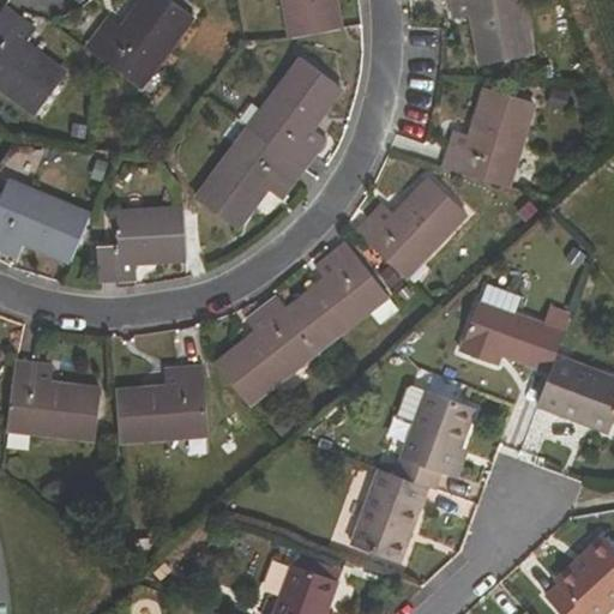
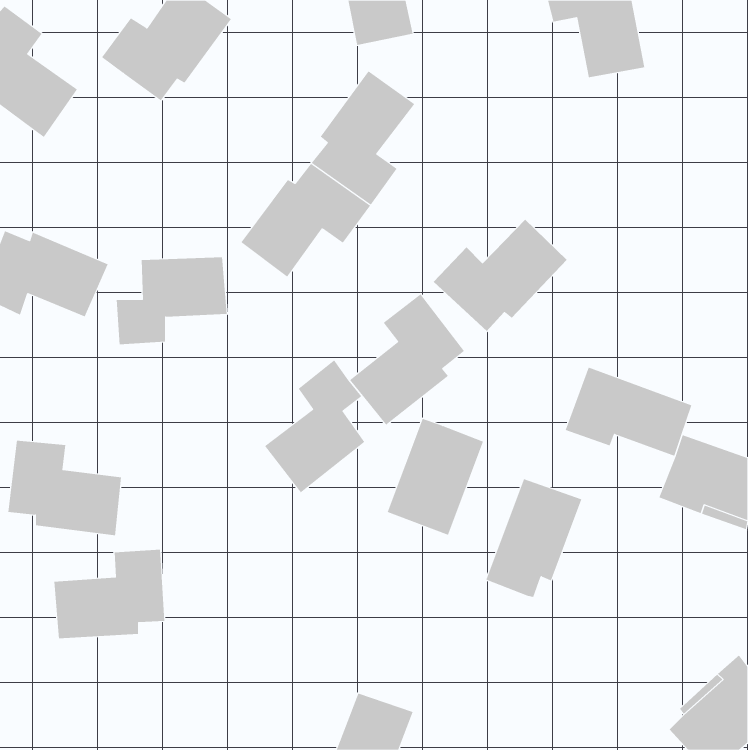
building: [440,88,531,183] -> none
building: [115,366,206,439] -> [54,549,165,639]
building: [351,468,431,564] -> [387,418,484,536]

